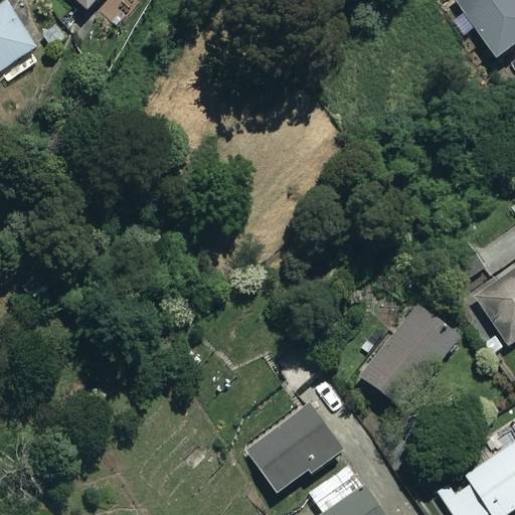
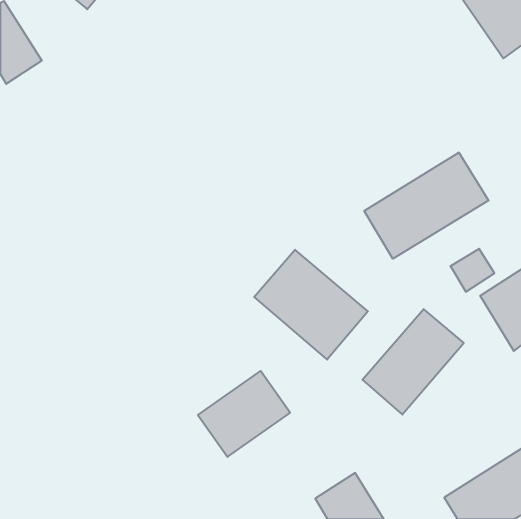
building: none -> [364,152,489,259]
building: none -> [254,250,368,360]
building: [248,408,339,493] -> [198,371,290,457]

